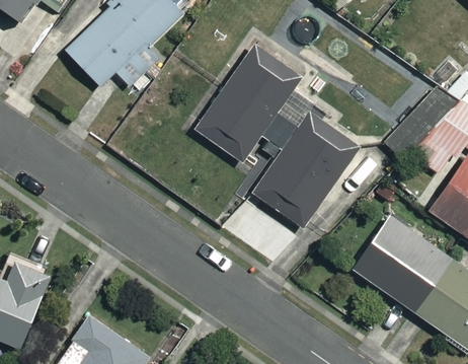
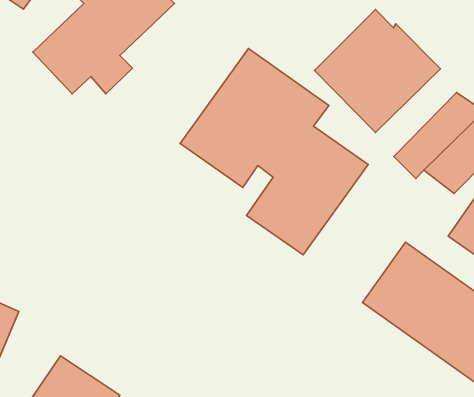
building: none -> [315,9,440,133]

